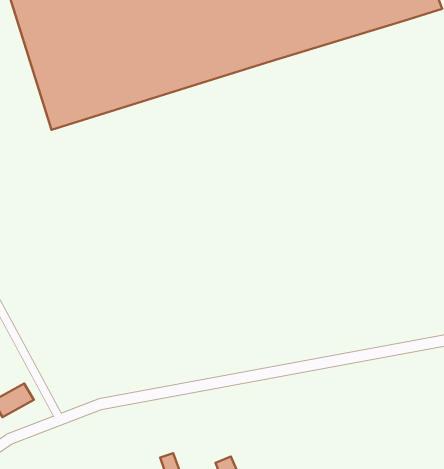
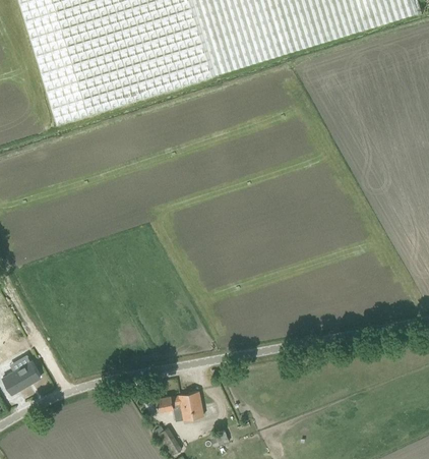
building: none -> [156,391,202,419]

